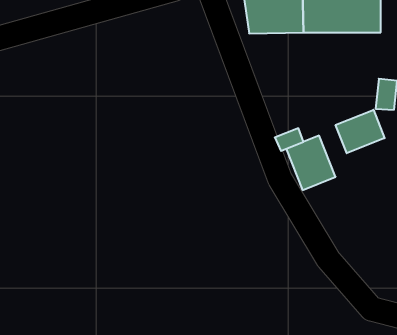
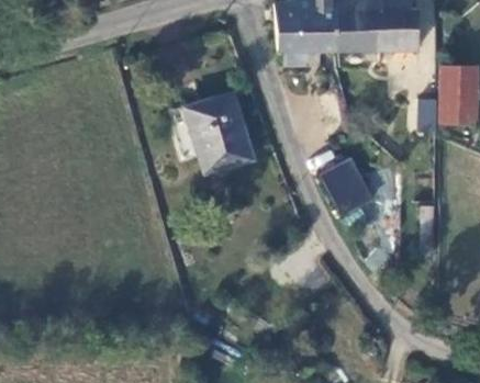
building: none -> [187,94,252,172]
building: [336,110,385,153] -> none

